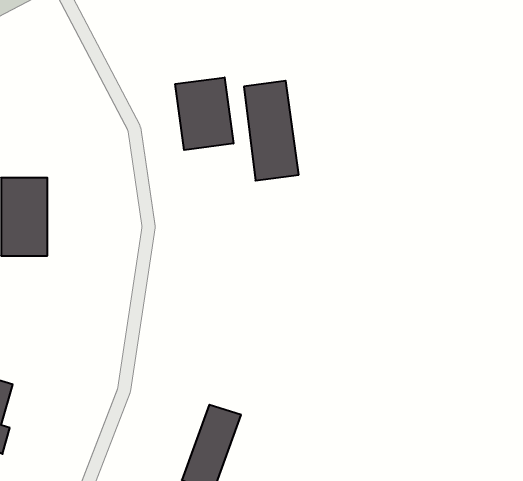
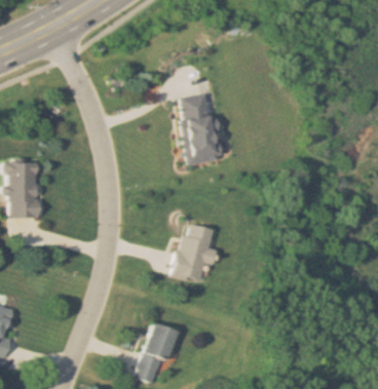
building: [175,77,233,150] -> none
building: none -> [174,224,215,283]

